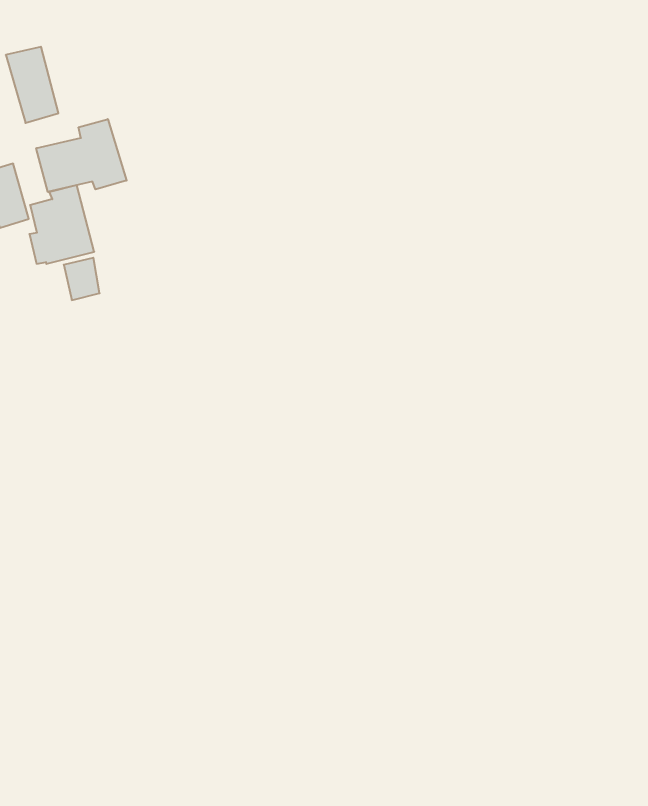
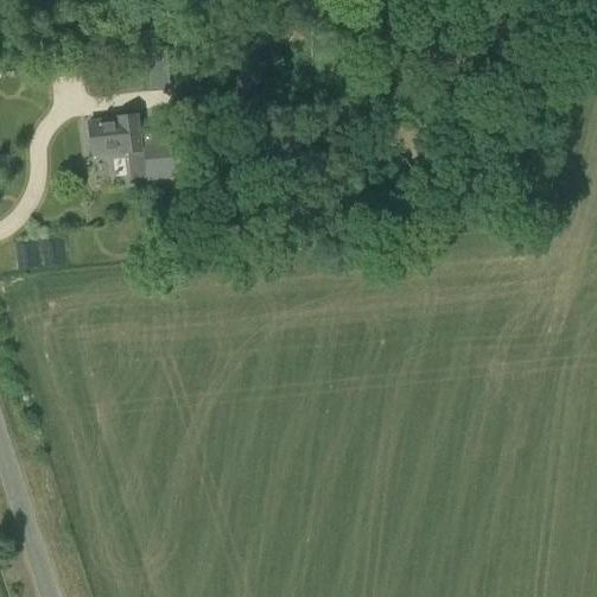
building: [36,119,127,192] -> none

